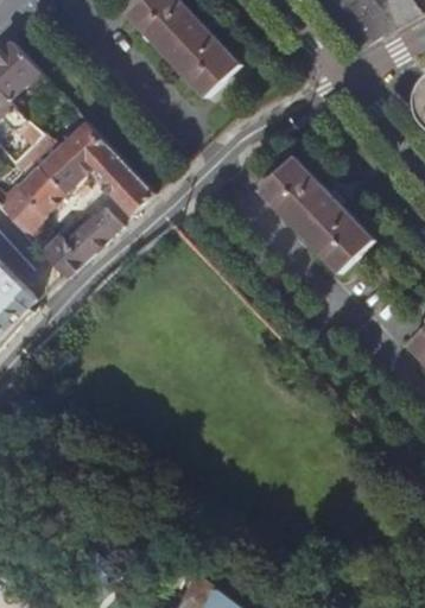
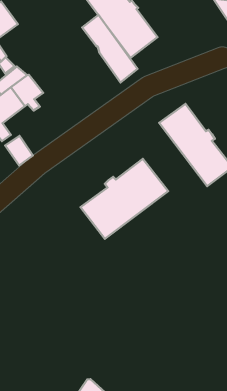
building: [63,122,151,216] -> [82,15,138,82]
building: [65,207,120,260] -> none
building: none -> [80,159,168,239]

